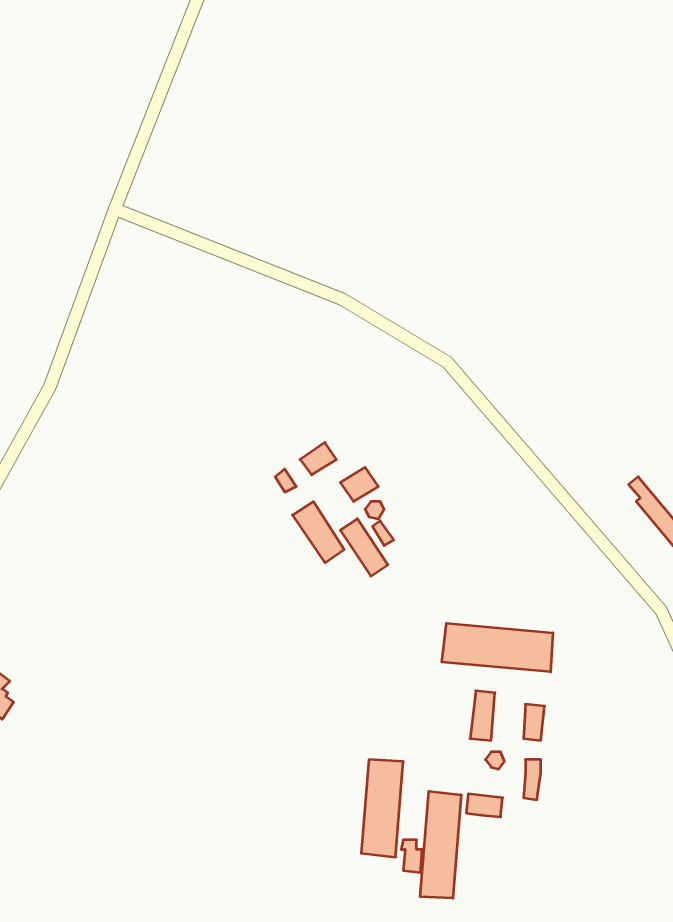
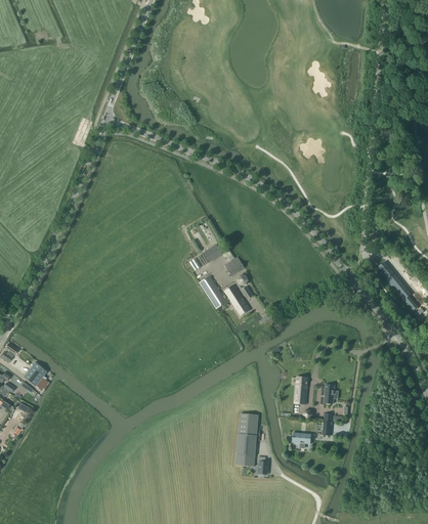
building: [442,623,553,672] -> none
building: [420,791,461,898] -> none

